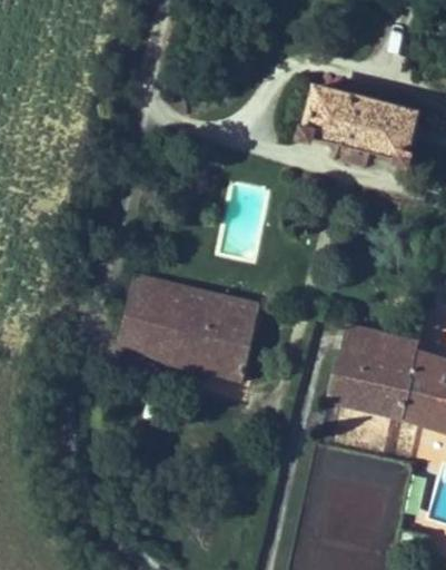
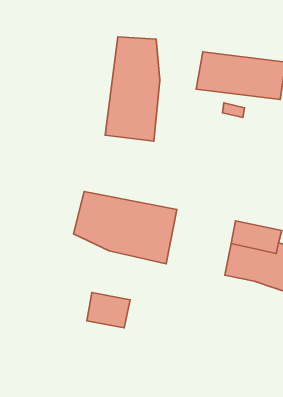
building: none -> [105,37,160,141]
building: none -> [87,292,130,328]

